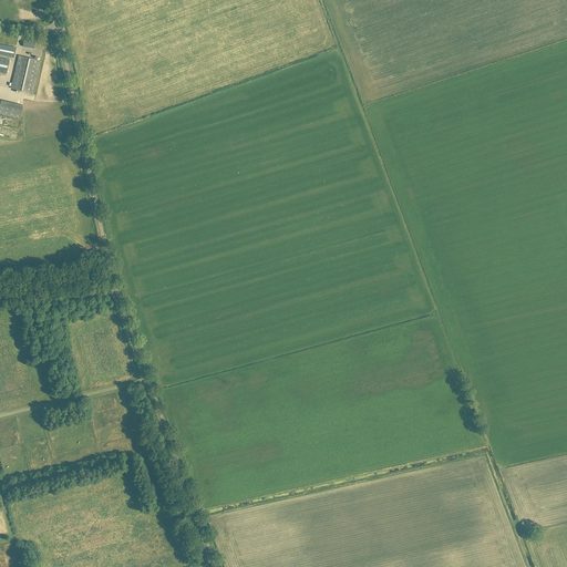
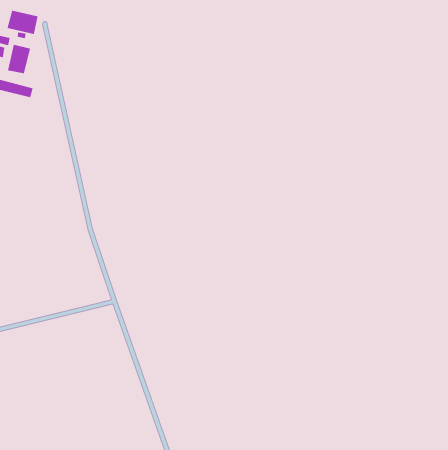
building: none -> [7,10,38,35]

